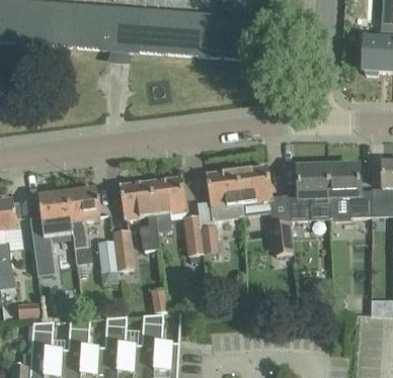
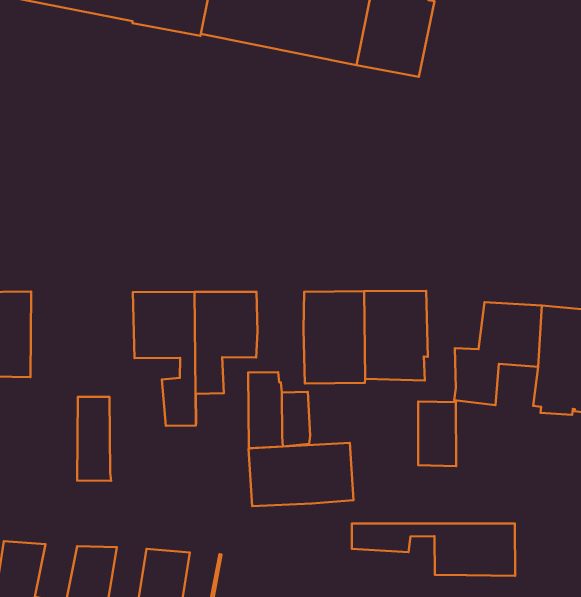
building: [67,188,99,265] -> none
building: [112,230,133,270] -> none
building: none -> [249,443,353,506]
building: none -> [352,524,515,576]

